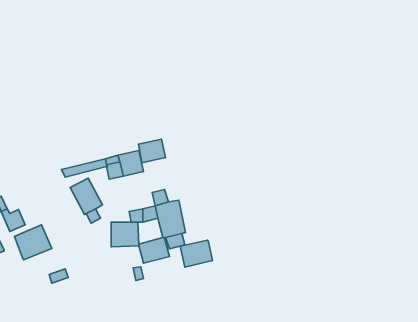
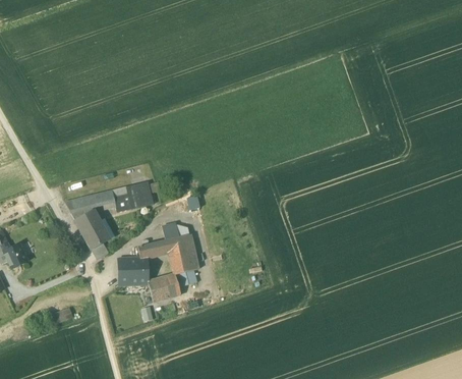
building: [139,139,166,163] -> none
building: [14,225,52,260] -> none
building: [180,240,213,267] -> none

